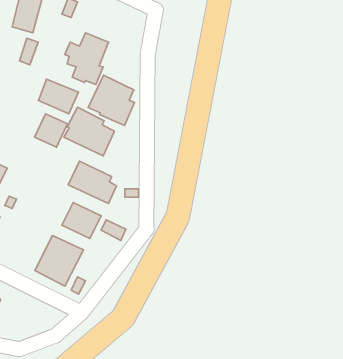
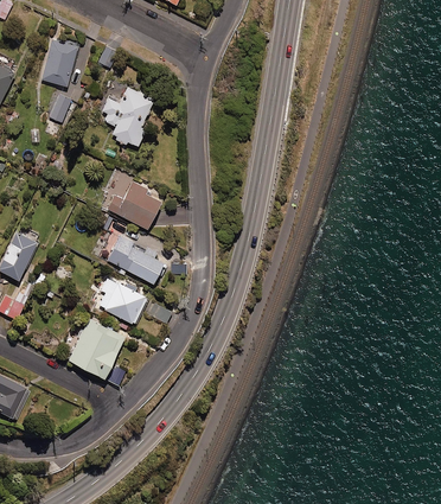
building: [88,75,134,125] -> none
building: [38,79,78,114] -> none
building: [34,114,68,147] -> none

